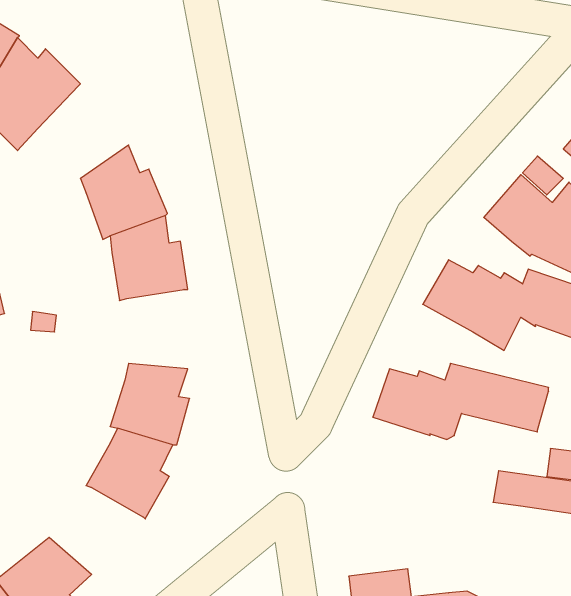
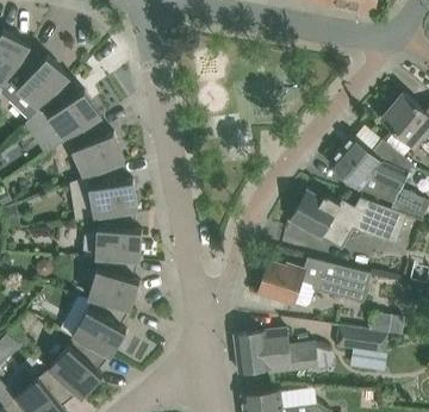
building: none -> [42,80,101,142]
building: none -> [82,211,142,262]
building: none -> [235,329,318,375]
building: none -> [49,338,110,399]

